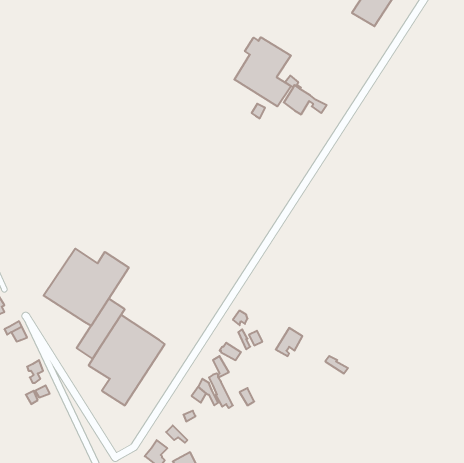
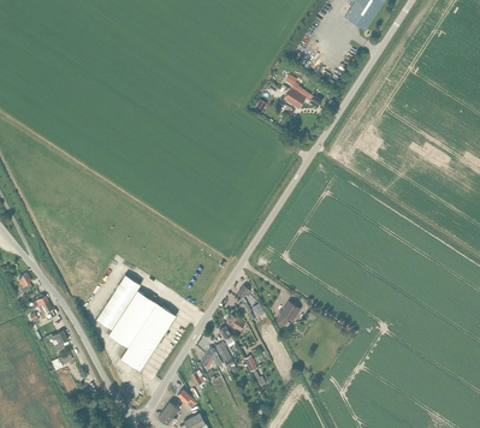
building: [234,37,291,106] -> none
building: [44,249,129,326] -> none

